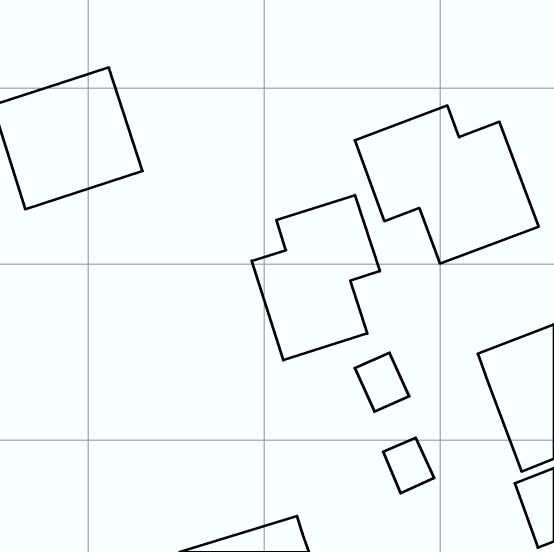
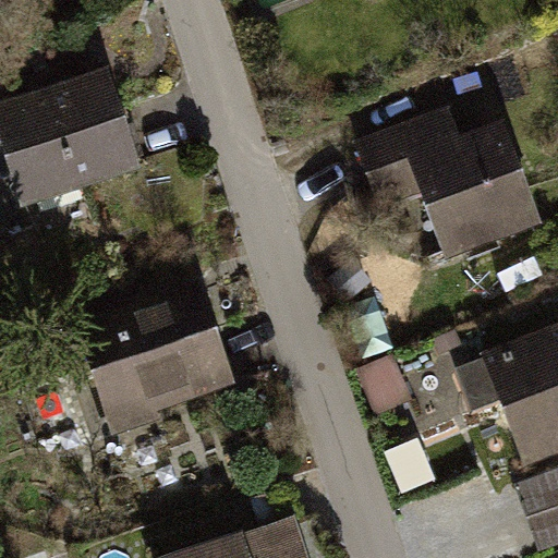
building: [252,195,380,360] -> none
building: none -> [81,280,238,433]

